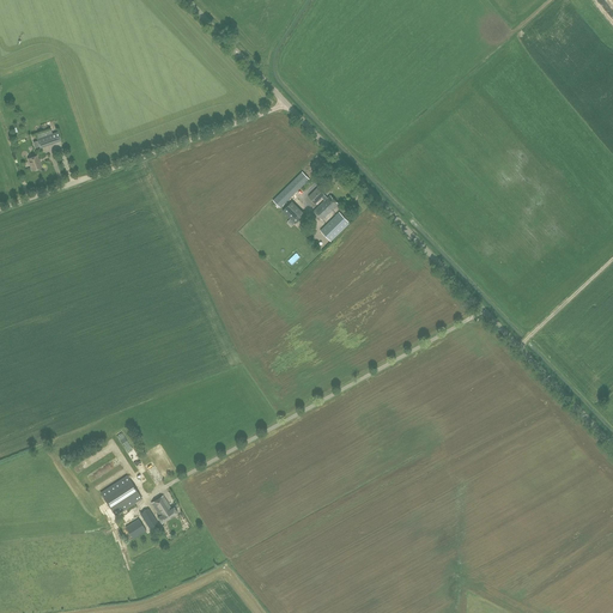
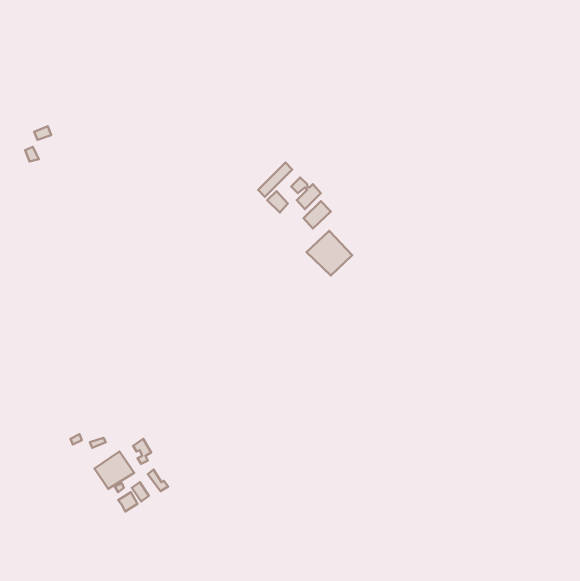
building: none -> [306,231,352,275]

